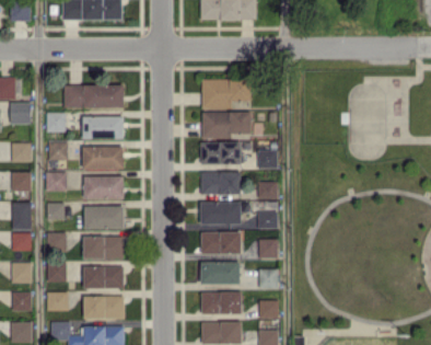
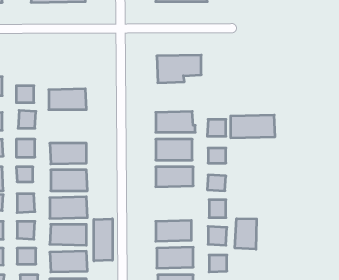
building: [63,84,125,107] -> none
building: [202,112,252,137] -> [231,115,275,138]
building: [83,147,124,169] -> none
building: [201,232,242,254] -> none
building: none -> [235,219,257,249]
building: none -> [94,219,112,261]

